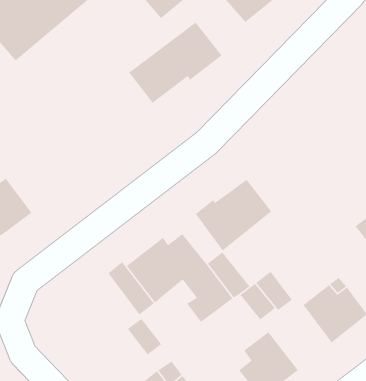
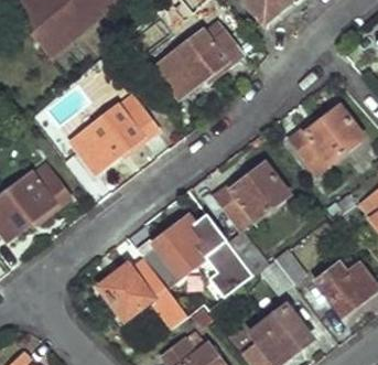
building: none -> [72,96,155,170]
building: none -> [289,105,361,173]
building: none -> [98,262,151,319]

